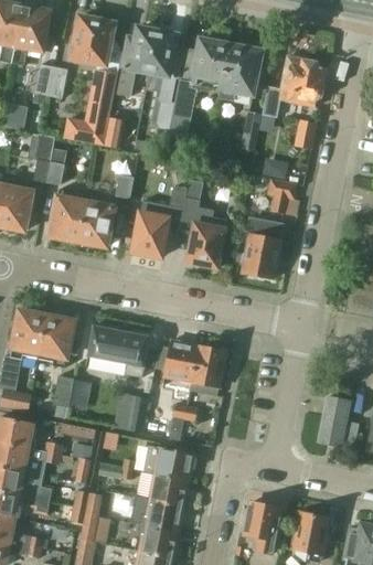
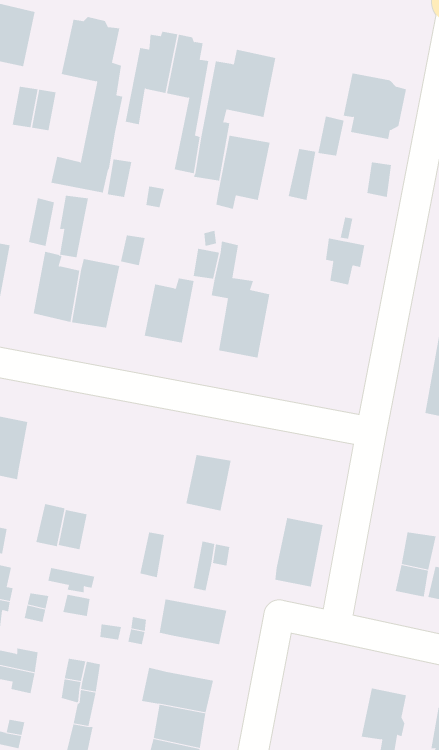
building: [221,44,262,99] -> [216,135,270,209]
building: [33,135,55,181] -> [59,195,89,258]
building: [244,225,279,277] -> none
building: [39,315,73,366] -> none
building: [87,324,150,377] -> none
building: [189,343,225,395] -> [275,517,323,587]
building: [149,473,189,507] -> none
building: [246,502,279,553] -> none

